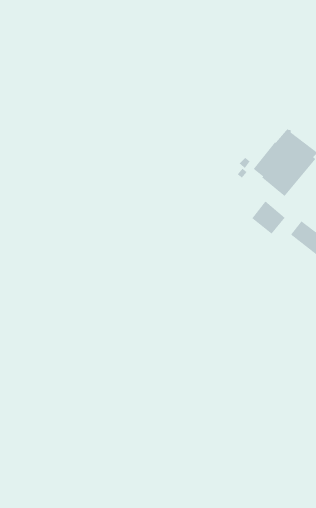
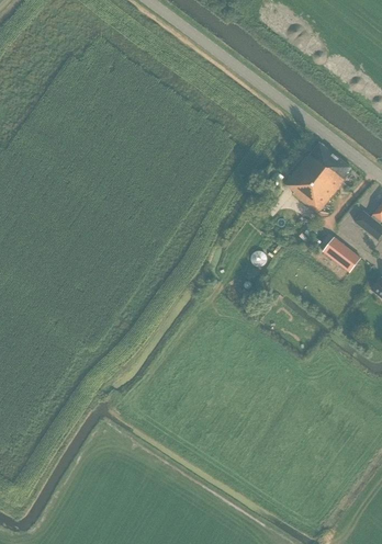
building: [252,200,286,234] -> none

